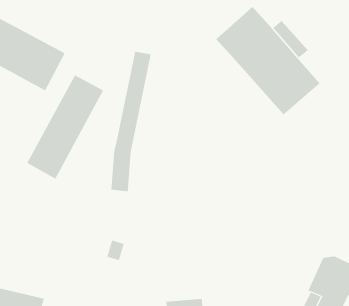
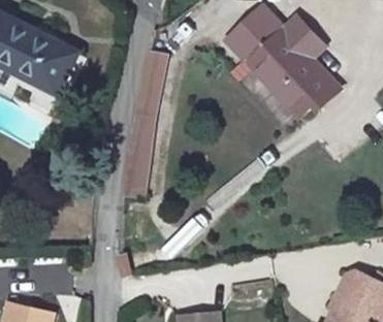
building: [26,75,104,180] -> none

